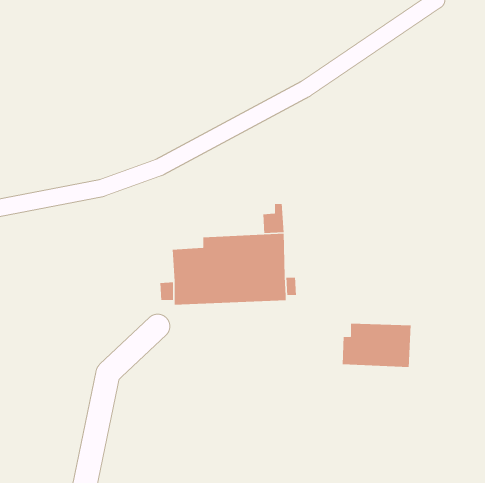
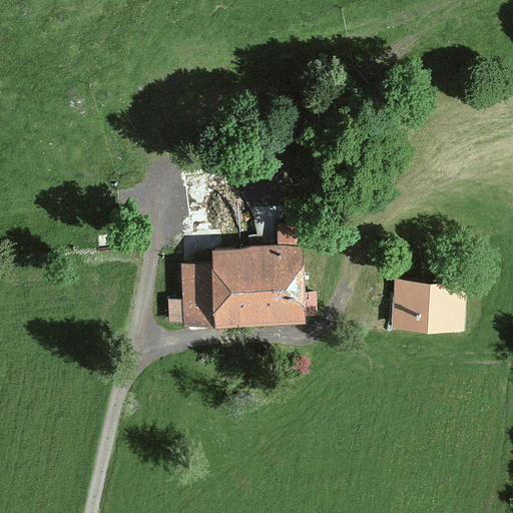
building: [342,323,411,368] -> [387,284,460,331]

